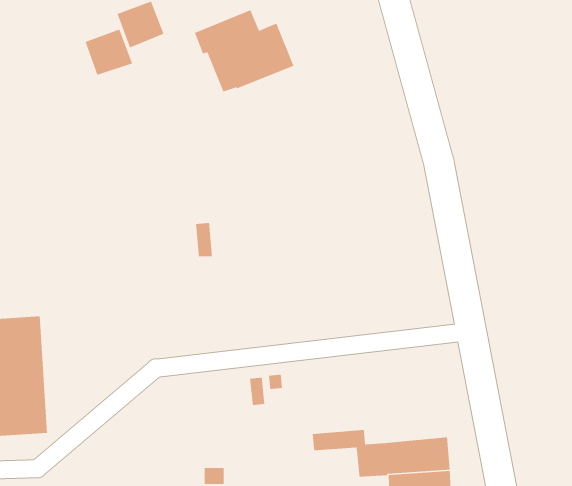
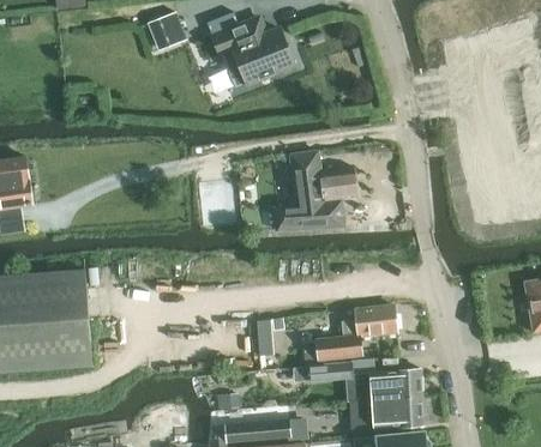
building: [85,28,133,76] -> none
building: none -> [272,151,359,232]
building: none -> [314,306,396,361]

